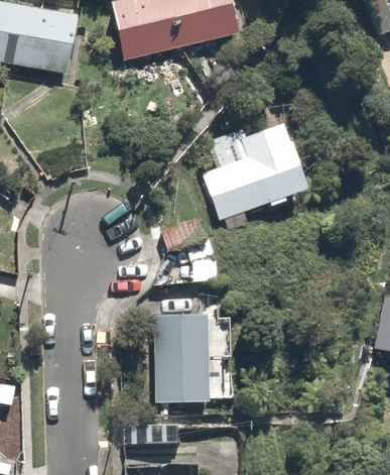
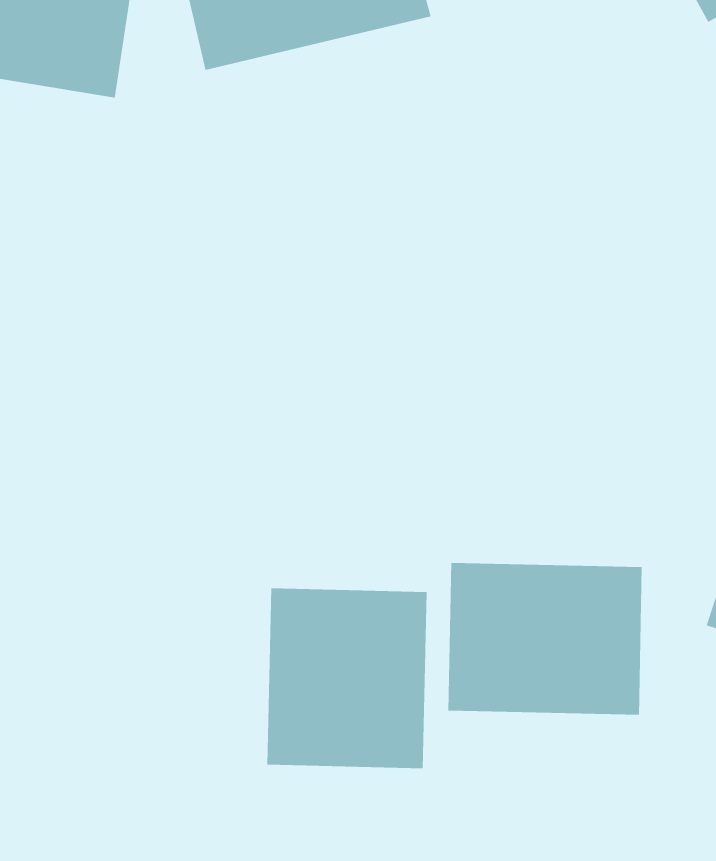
building: [192,121,309,221] -> none
building: none -> [448,562,642,716]

